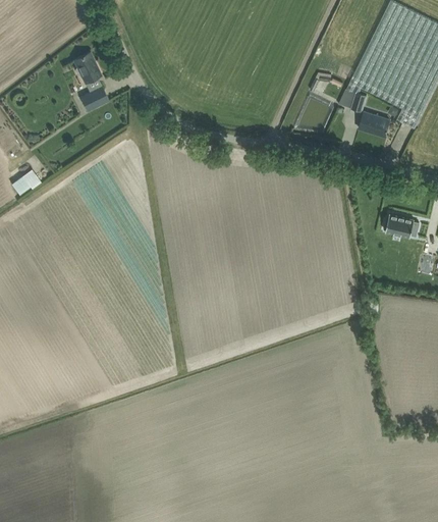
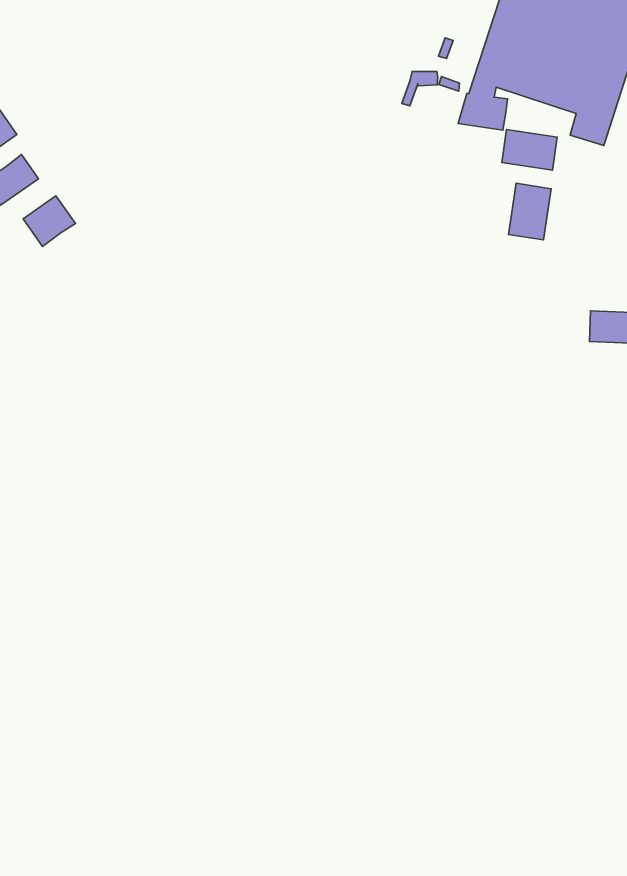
building: none -> [23,196,75,247]
building: none -> [508,183,551,240]

